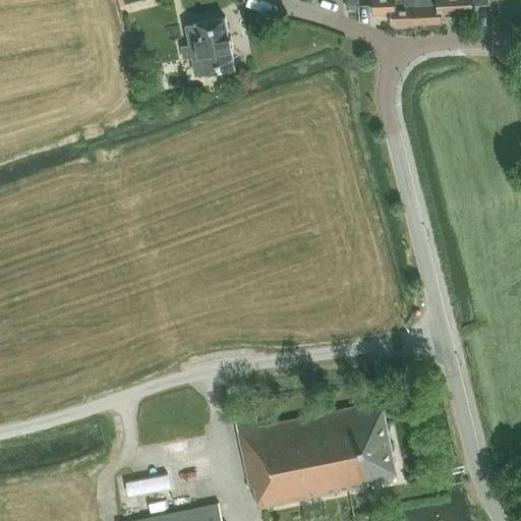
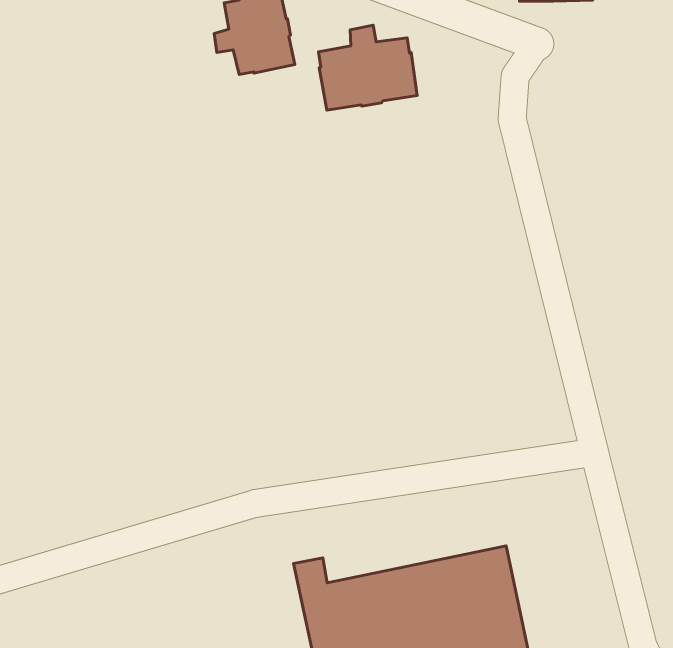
building: none -> [319,25,417,110]

